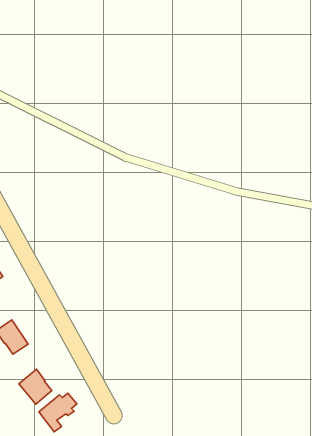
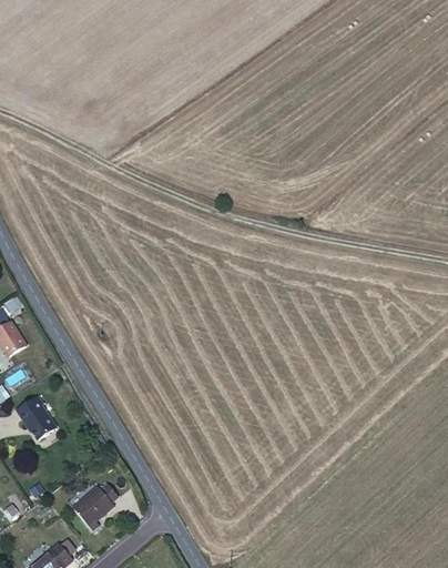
building: [19,369,52,404] -> none

